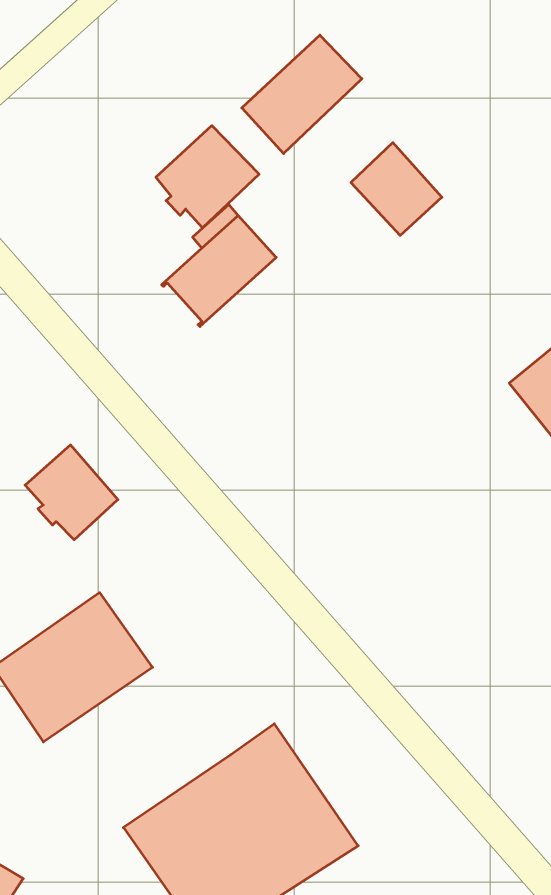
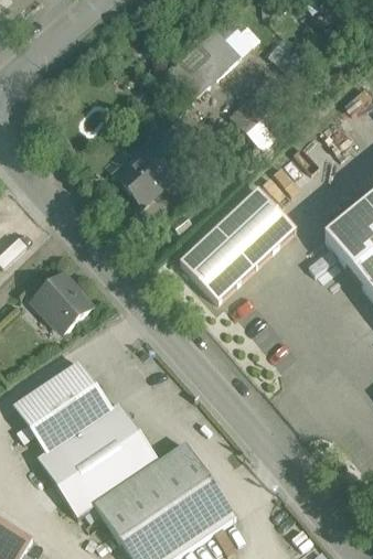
building: [156,126,259,228] -> none
building: none -> [179,186,296,300]
building: none -> [39,402,159,515]

